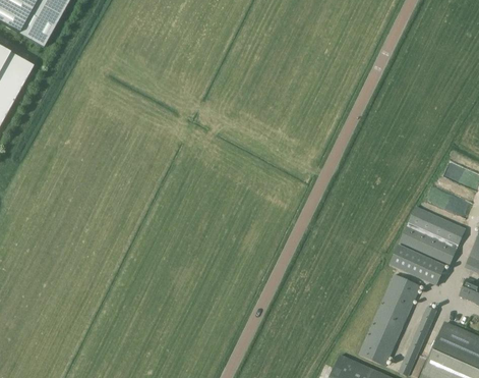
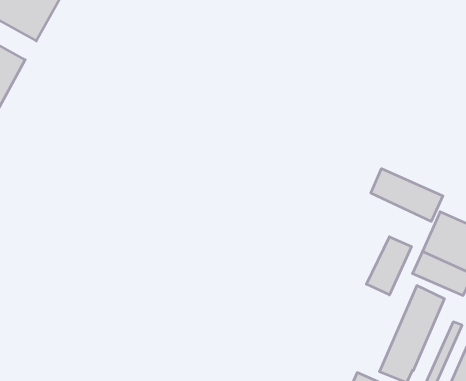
building: none -> [371,169,443,221]
building: none -> [366,237,411,295]

